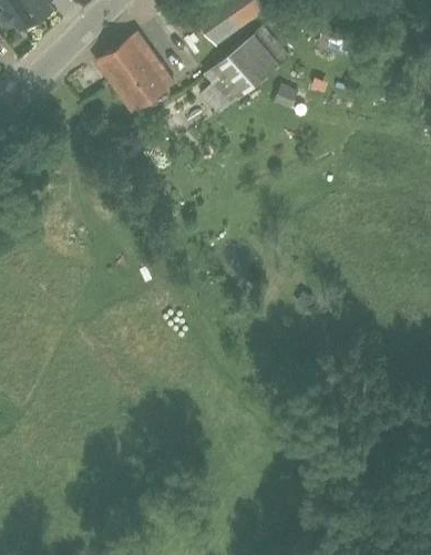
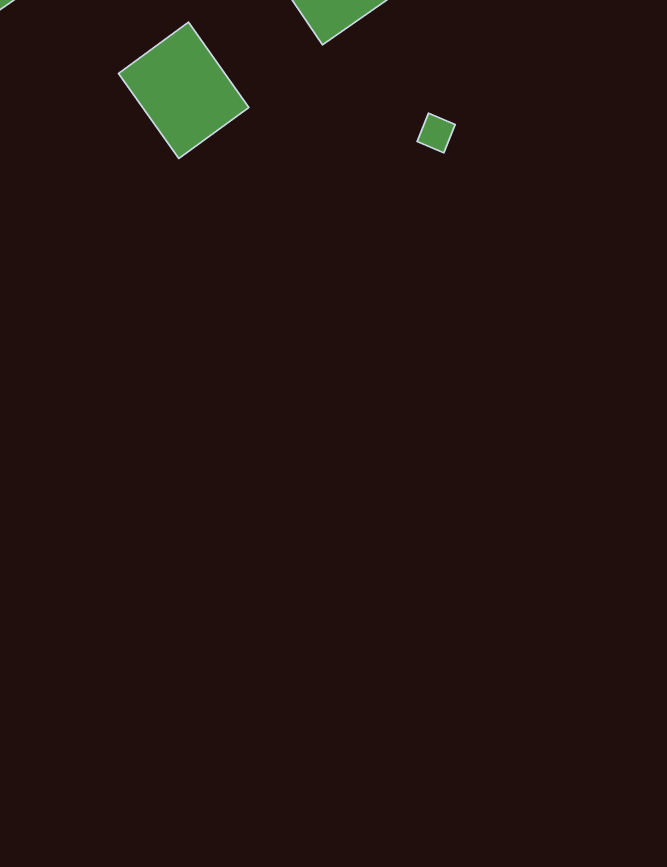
building: [207,34,279,103] -> none

